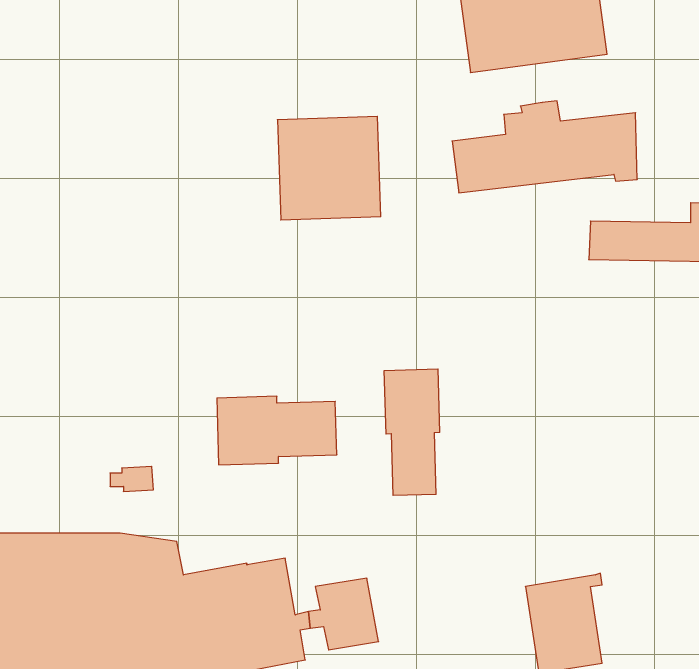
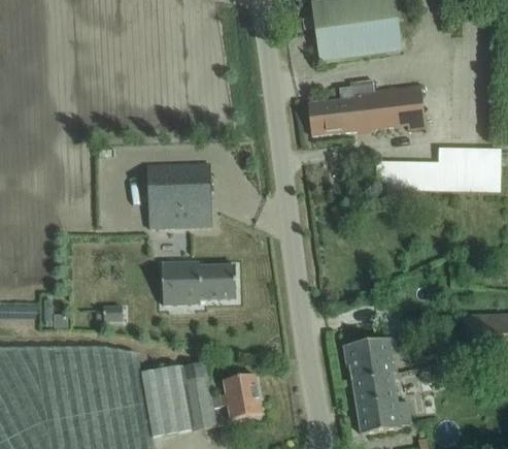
building: [277,116,381,220] -> [147,164,211,228]
building: [384,369,440,495] -> none
building: none -> [344,338,396,380]

